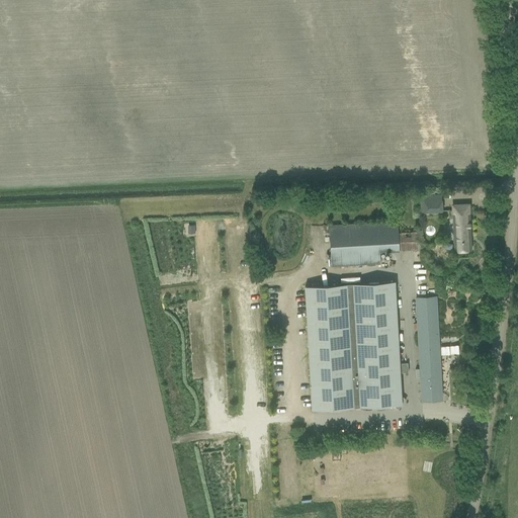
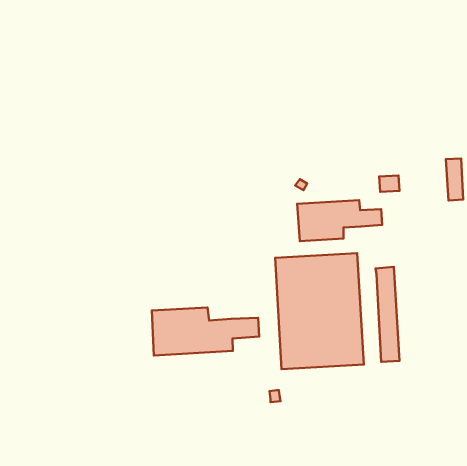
building: [452,205,471,252] -> [446,158,463,200]
building: none -> [152,307,259,355]

